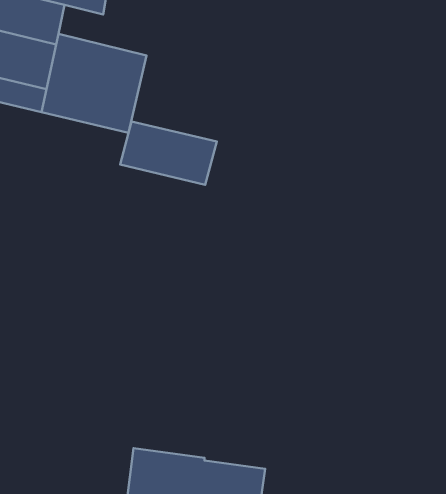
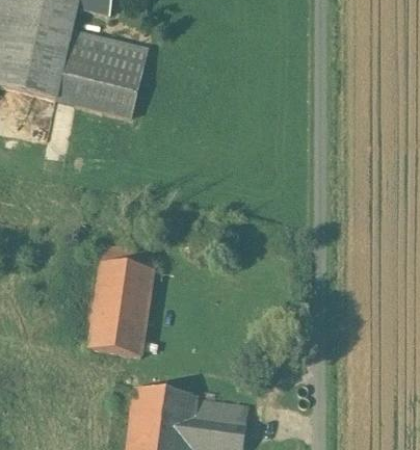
building: [120,121,217,185] -> none
building: none -> [89,246,154,355]

